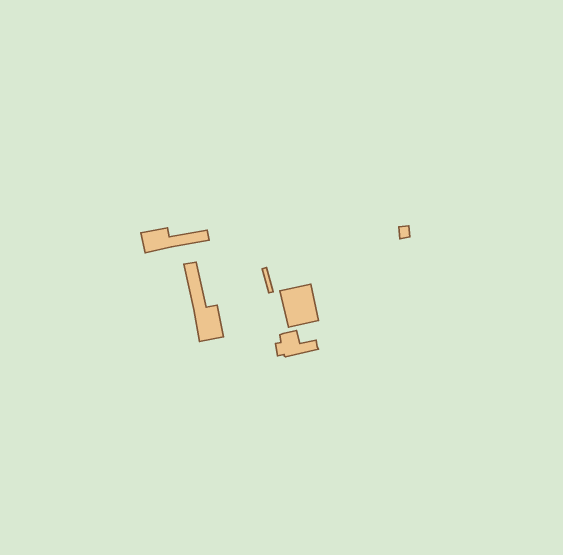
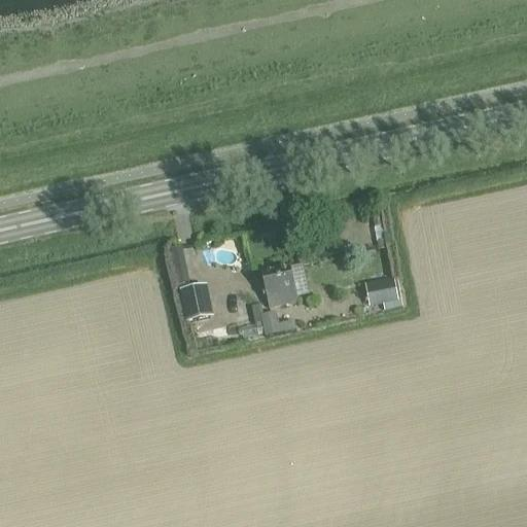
building: [141,228,209,253] -> none
building: none -> [366,277,402,308]

